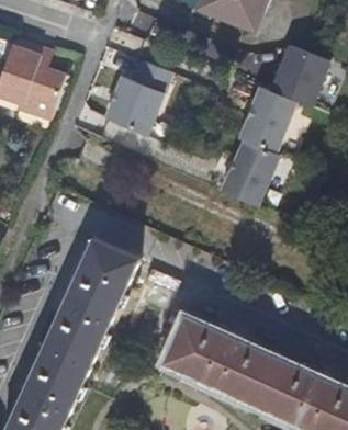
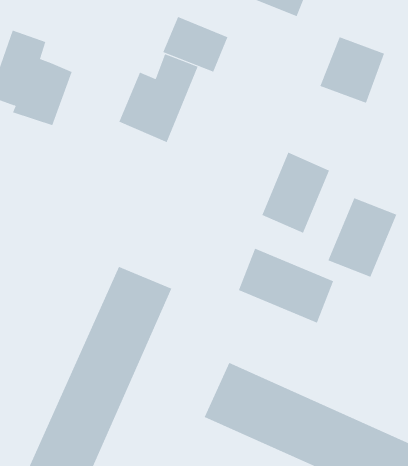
building: none -> [162,16,228,73]
building: [236,86,294,152] -> [328,197,397,278]
building: none -> [238,248,334,323]

